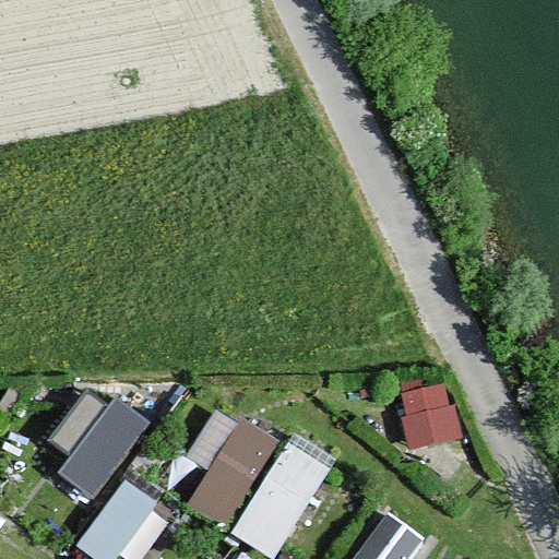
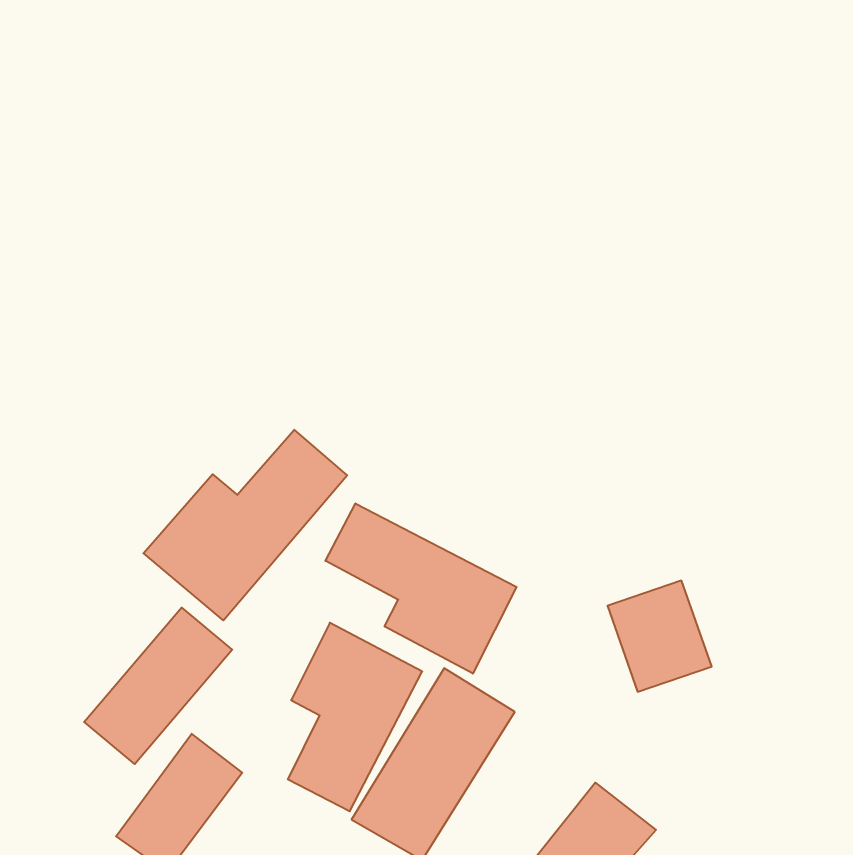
building: none -> [143,430,347,620]
building: none -> [325,503,517,674]

